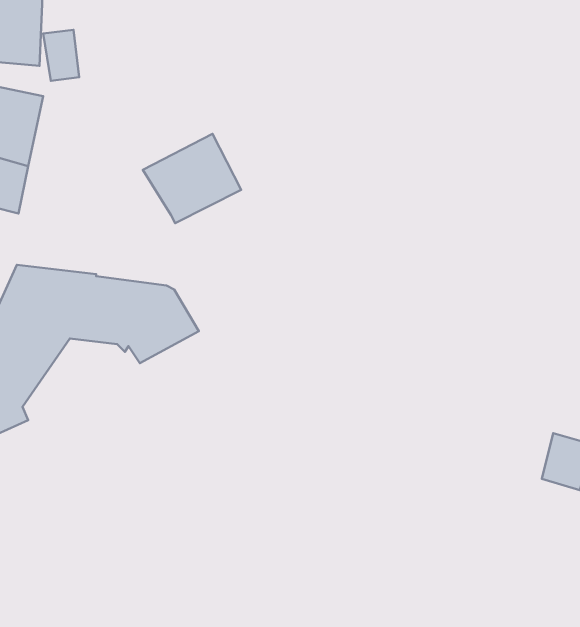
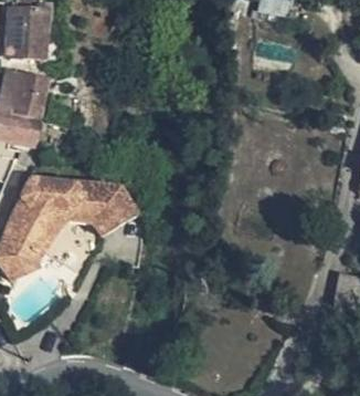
building: [143,134,241,223] -> none

